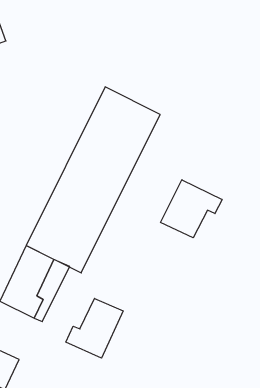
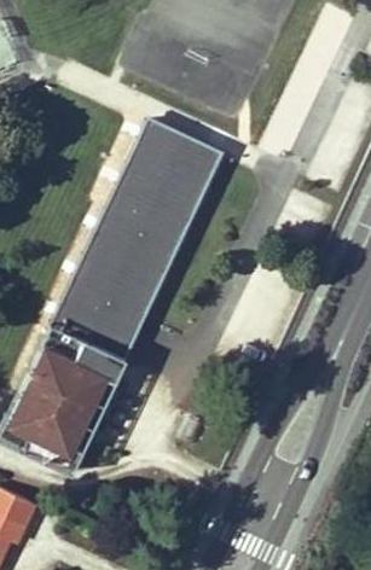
building: [161,180,222,238] -> none
building: [66,298,123,358] -> none

